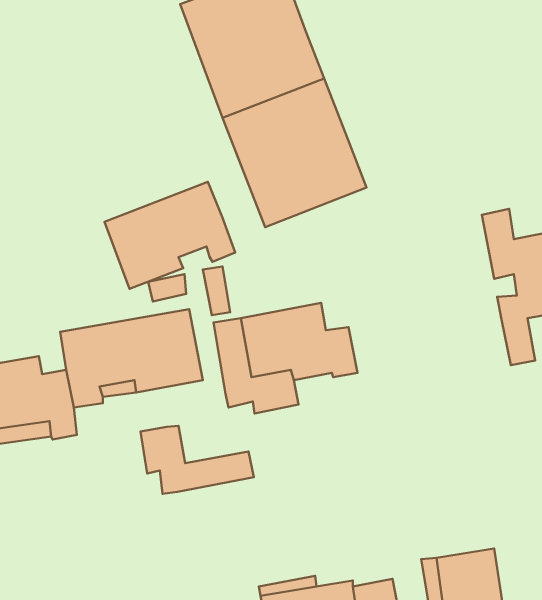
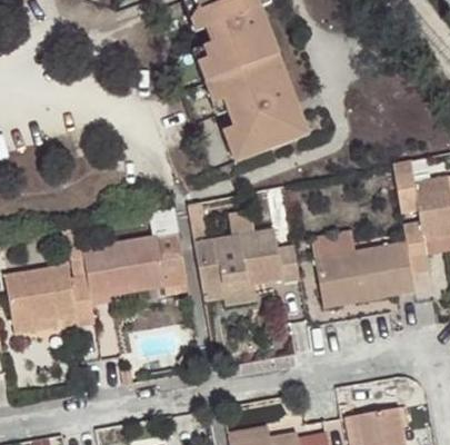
building: [105,182,235,289] -> none
building: none -> [317,238,419,306]
building: [141,426,254,494] -> none

